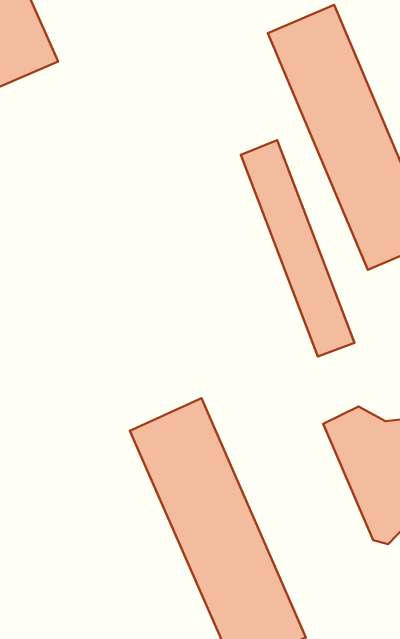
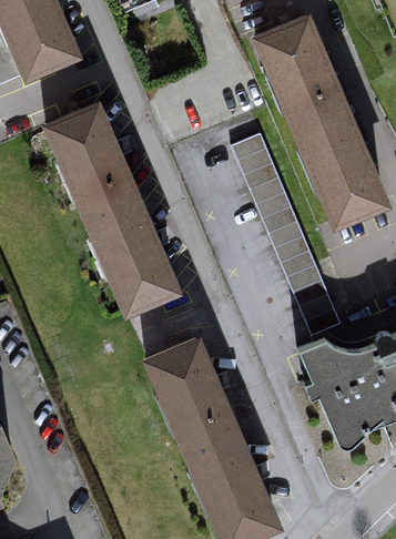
building: none -> [41,100,181,317]

